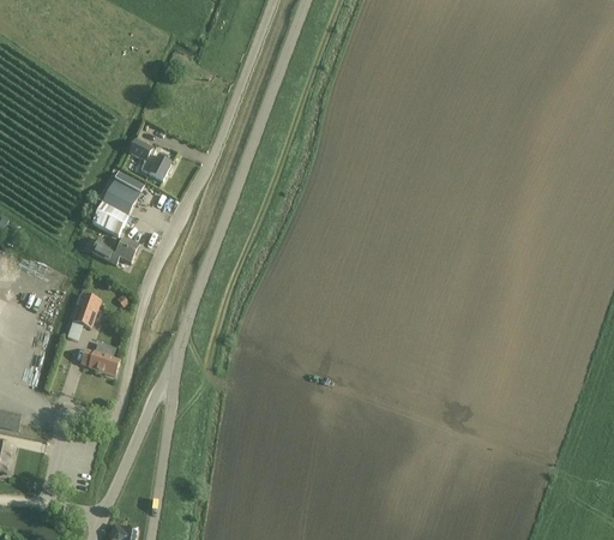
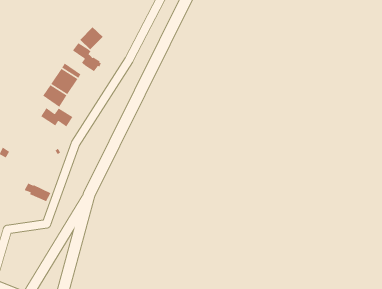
building: none -> [79,27,103,50]
building: [67,293,101,332] -> none

